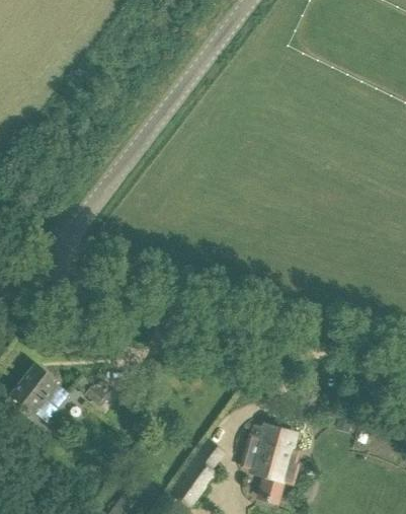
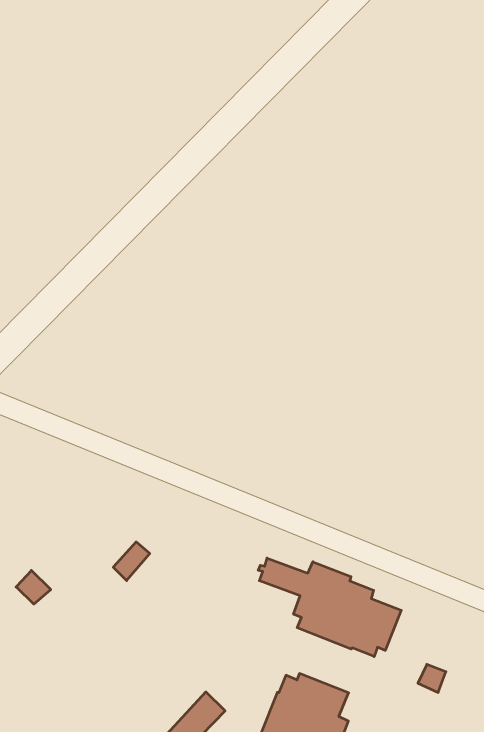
building: none -> [258,558,401,657]

